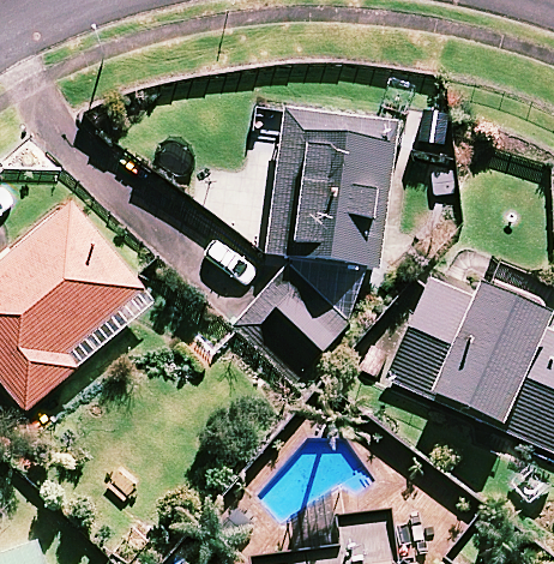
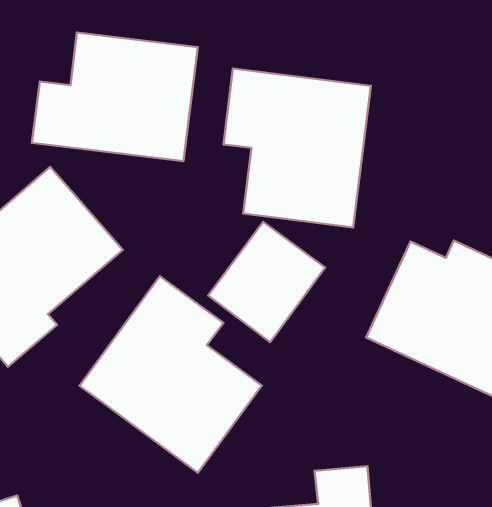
building: none -> [32,32,198,161]
building: none -> [80,276,262,473]

